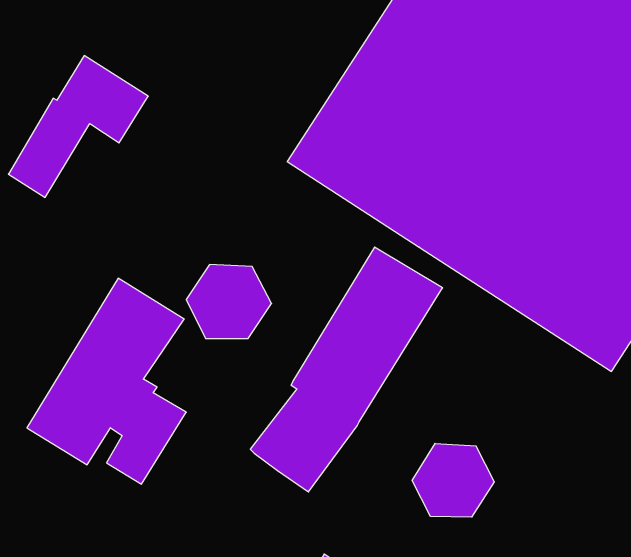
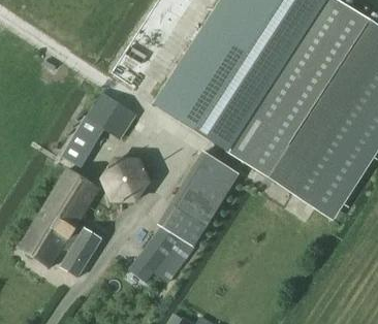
building: [8,56,148,197] -> [61,92,135,167]
building: [412,443,494,517] -> none

